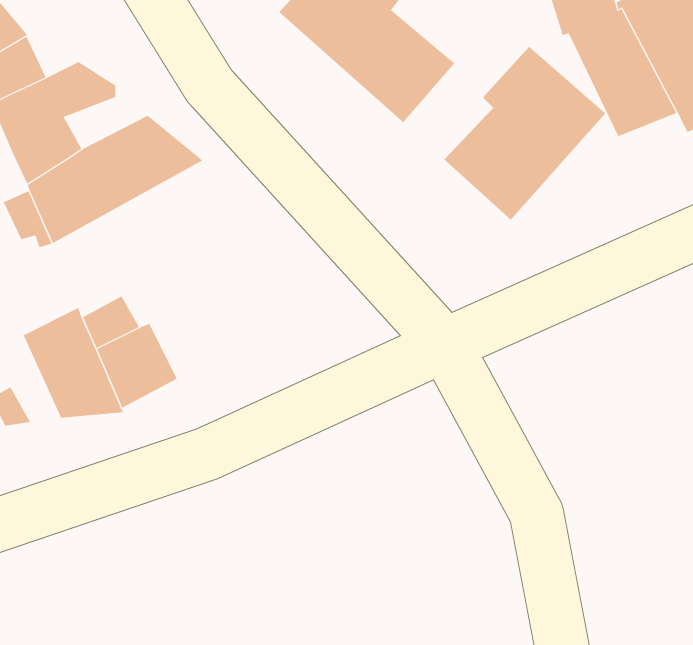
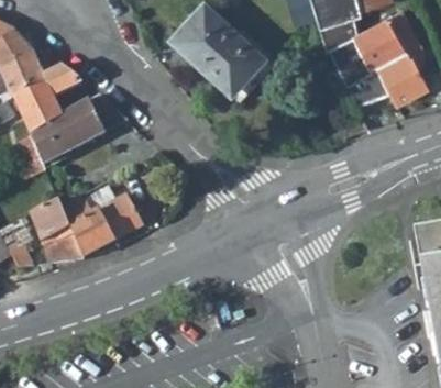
building: [443,46,606,221] -> none
building: none -> [98,193,142,240]

